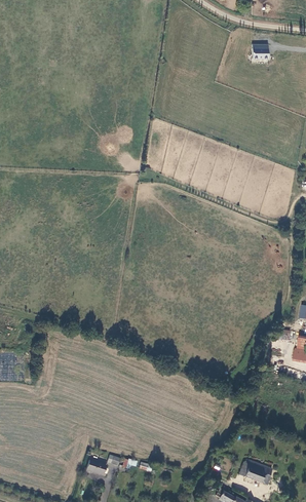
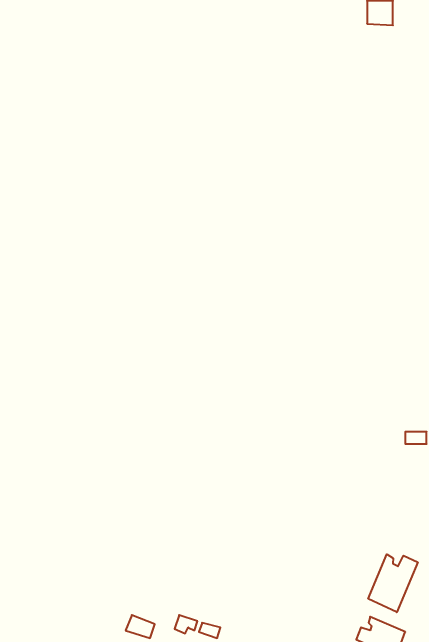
building: none -> [368,554,418,612]

